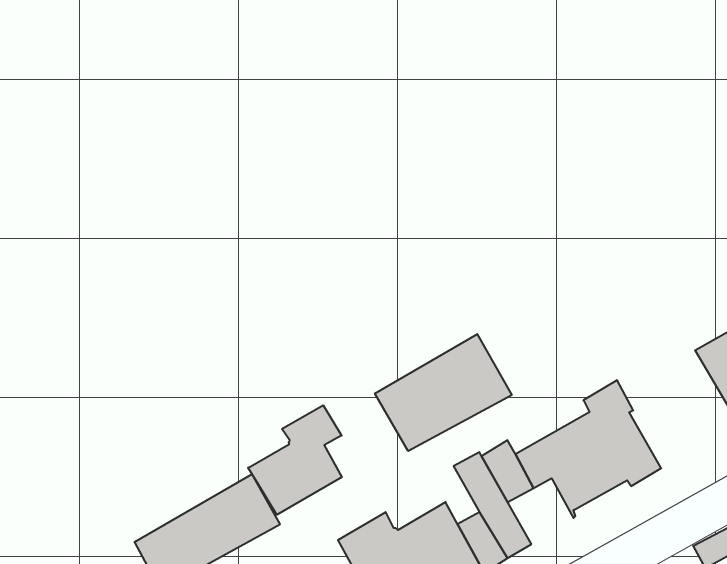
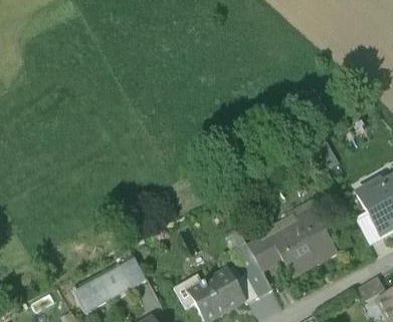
building: [375,334,512,451] -> none
building: [248,405,342,515] -> none

